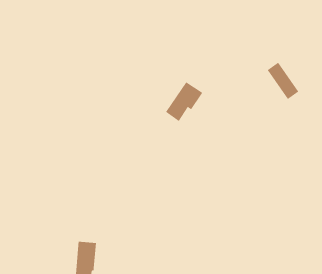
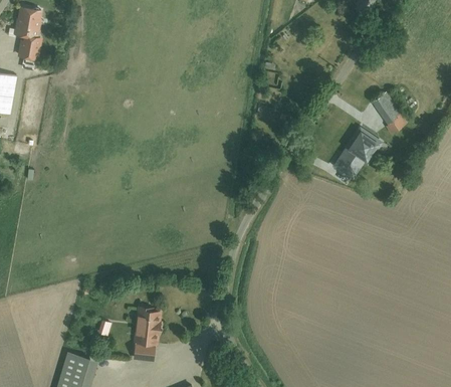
building: [165,81,203,122] -> [333,130,380,179]

